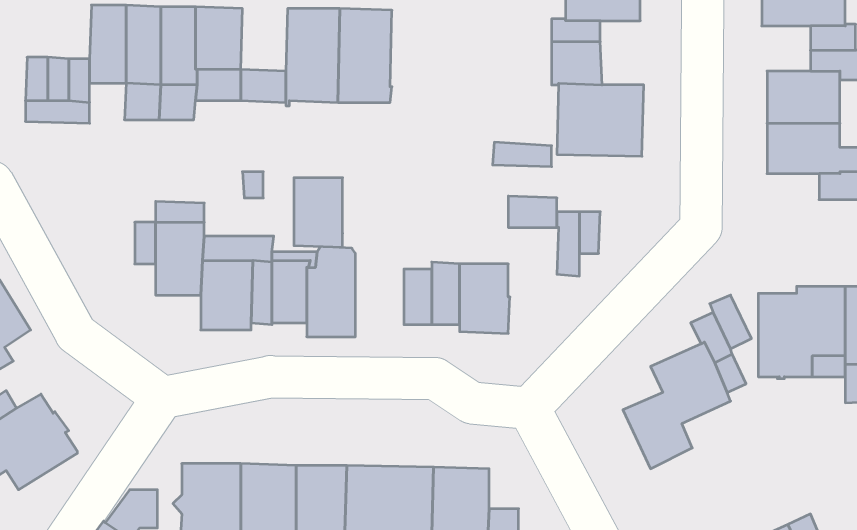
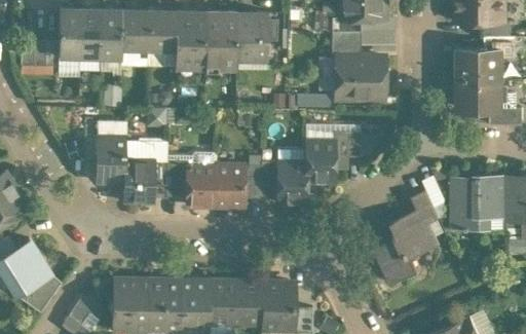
building: none -> [147,10,175,47]
building: none -> [235,11,276,57]
building: [294,178,343,247] -> [215,164,243,206]
building: none -> [305,140,335,181]
building: none -> [15,272,61,311]

